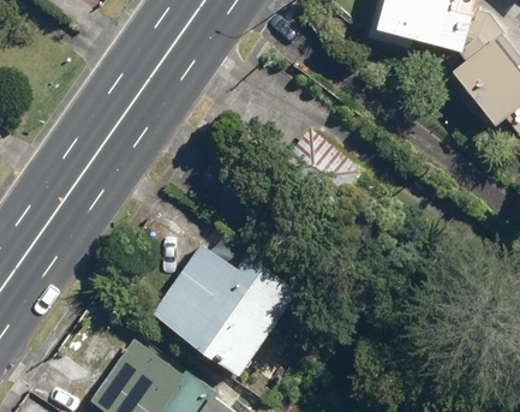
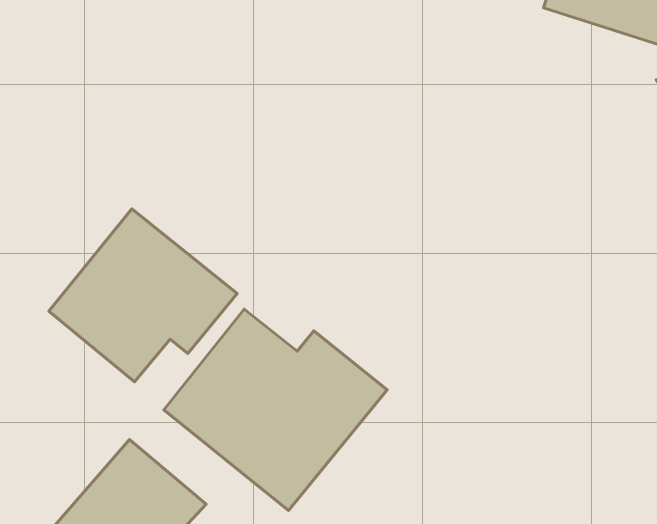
building: none -> [49,209,237,382]

